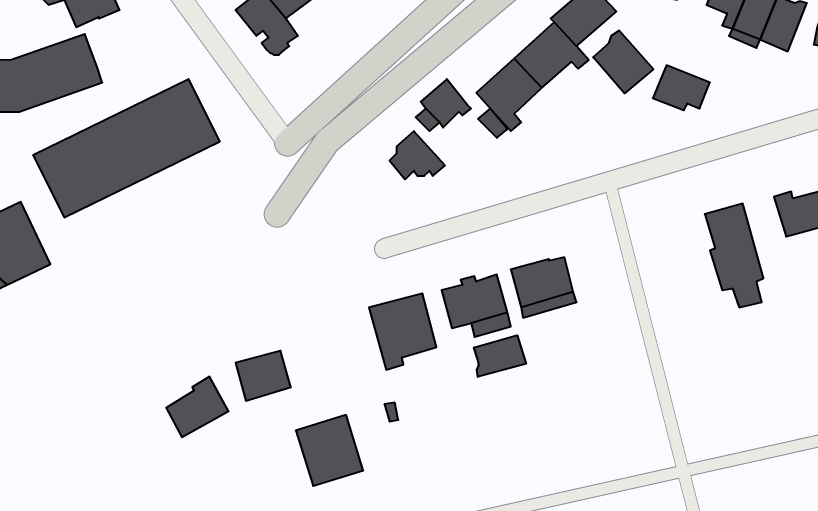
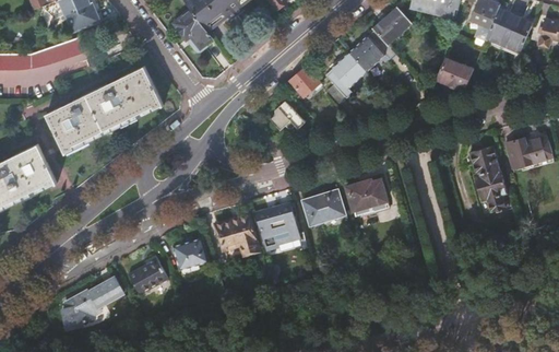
building: [593,30,653,93] -> none
building: [474,335,526,377] -> none
building: none -> [62,275,123,328]
building: [296,415,363,486] -> [216,214,259,259]

